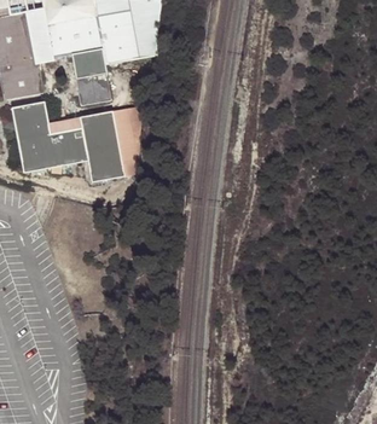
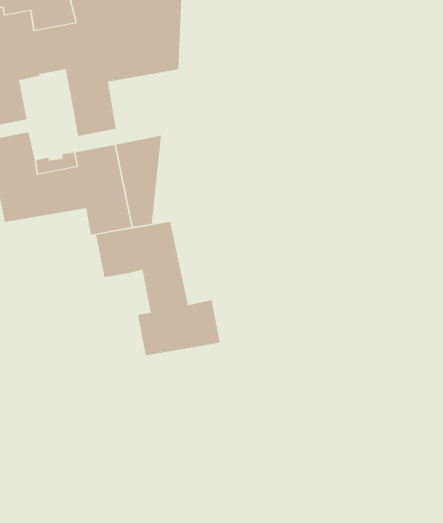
building: none -> [96,221,220,356]

